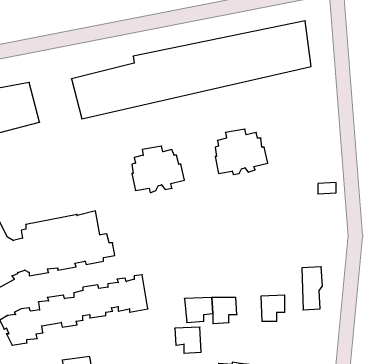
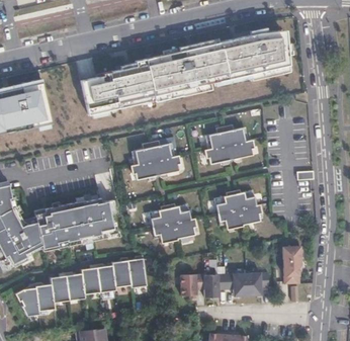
building: none -> [214,189,263,230]
building: none -> [150,203,198,244]
building: [175,327,201,353] -> [225,273,248,296]

